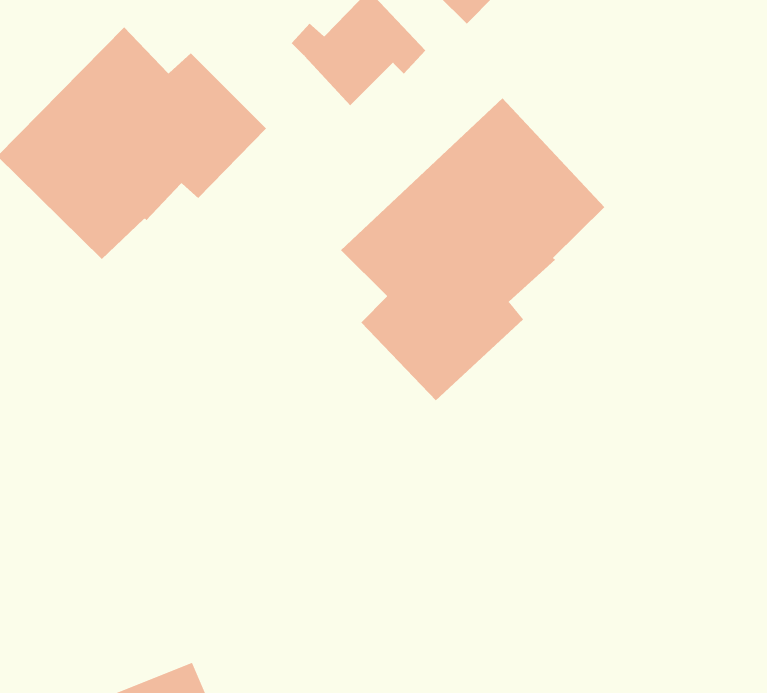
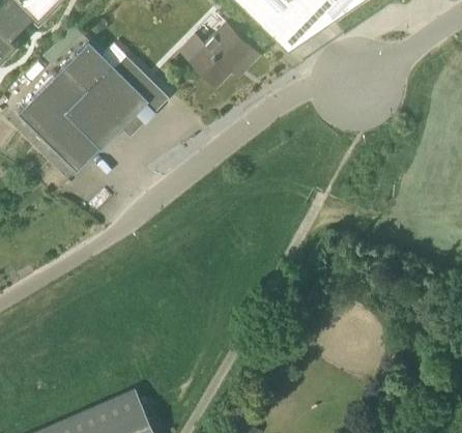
building: [340,98,605,401] -> none

